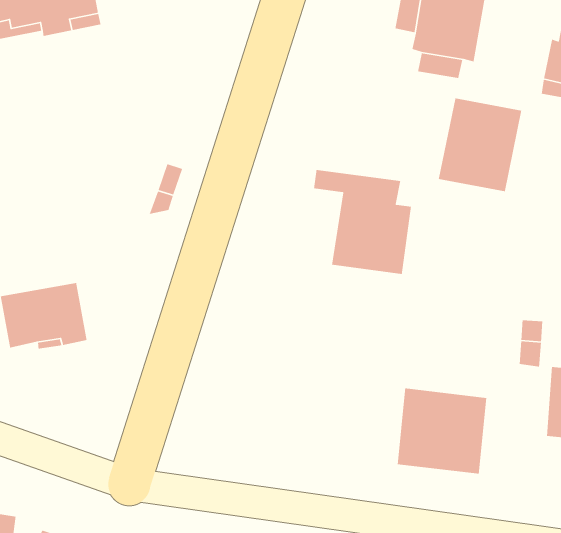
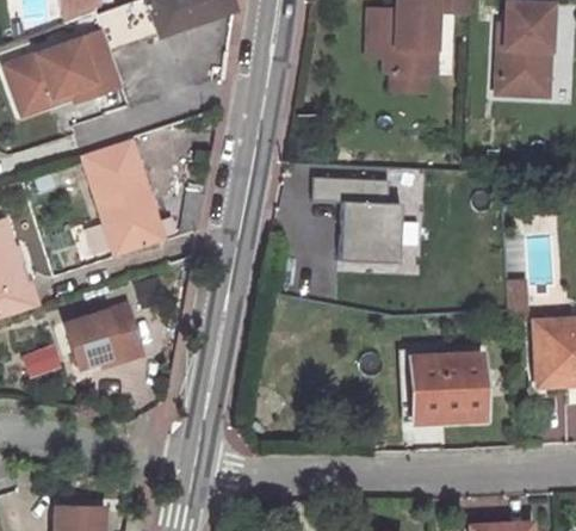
building: none -> [82,142,163,260]
building: [438,97,522,192] -> none

